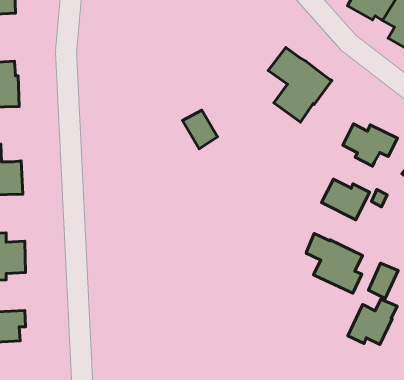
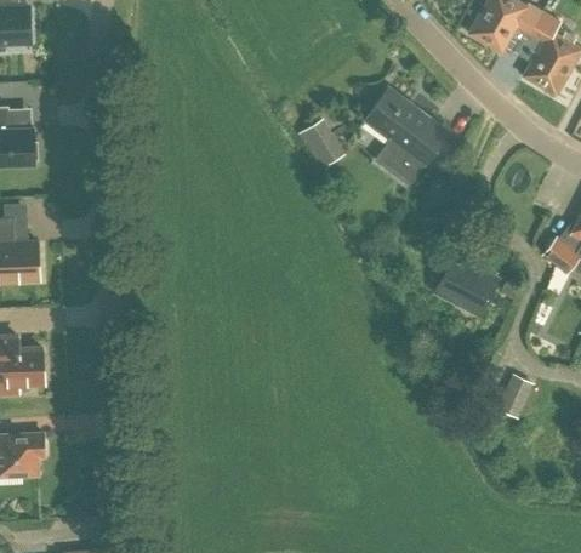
building: [183,110,218,149] -> [297,118,343,169]
building: [343,124,397,166] -> none
building: [306,233,362,293] -> none
building: [348,299,397,345] -> none

